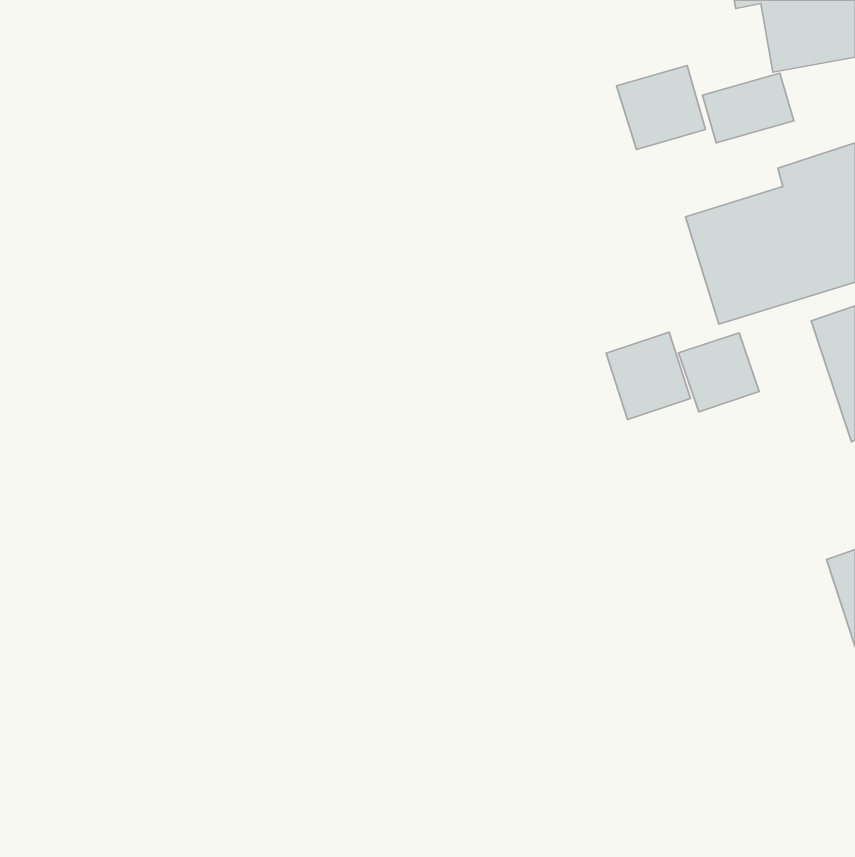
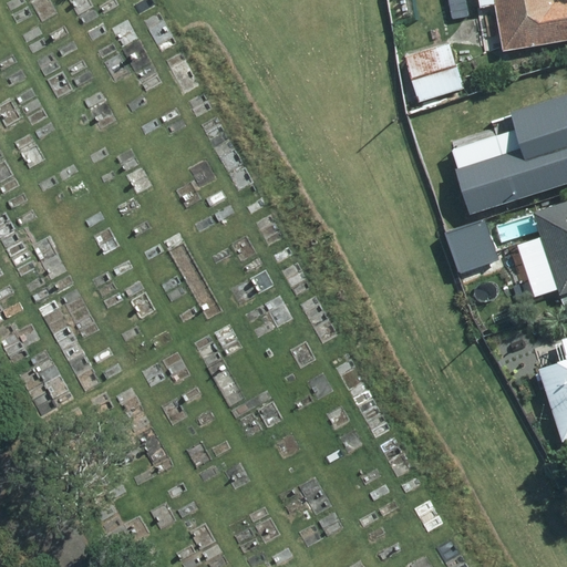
building: [702,73,794,143] -> none
building: [606,332,691,420] -> none

